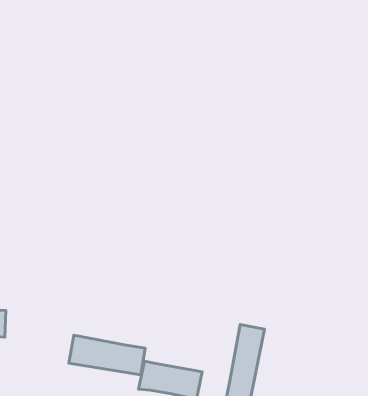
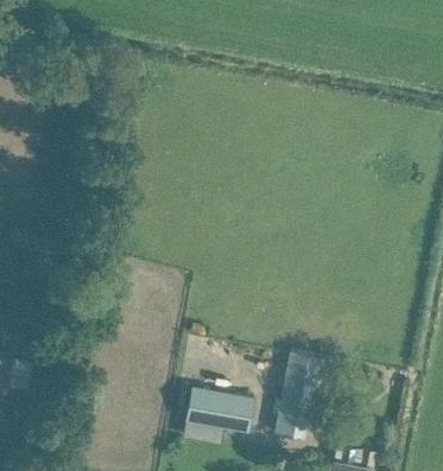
building: [69,335,145,375] -> none

